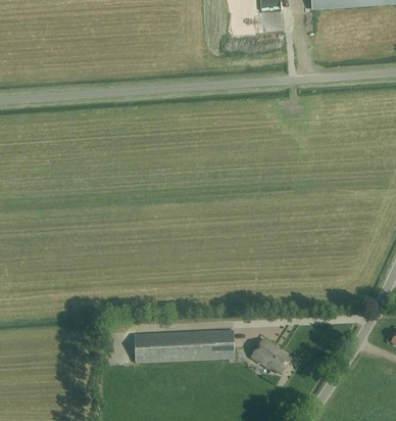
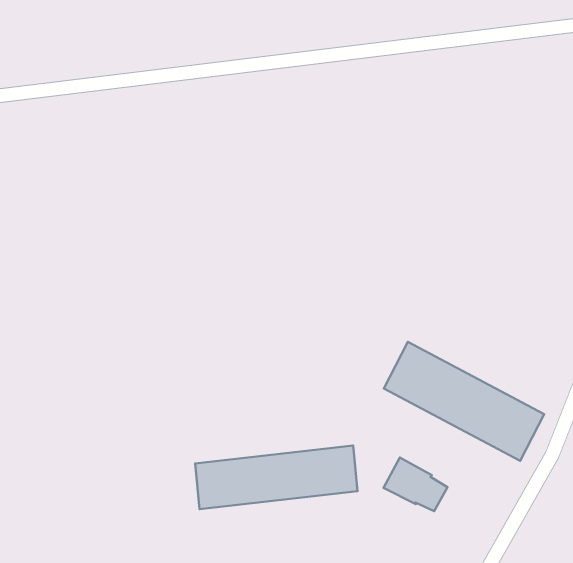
building: none -> [384,342,544,461]

